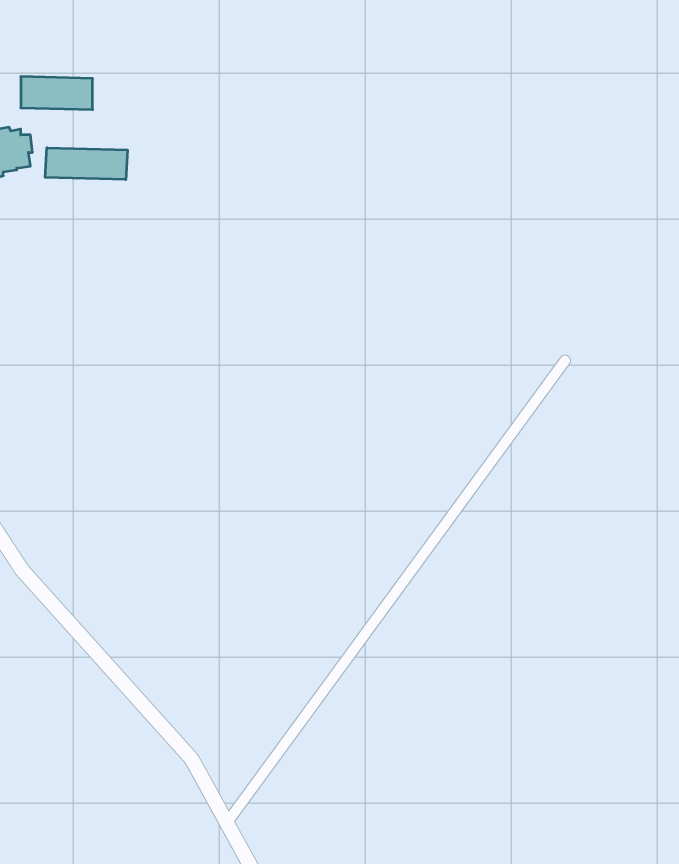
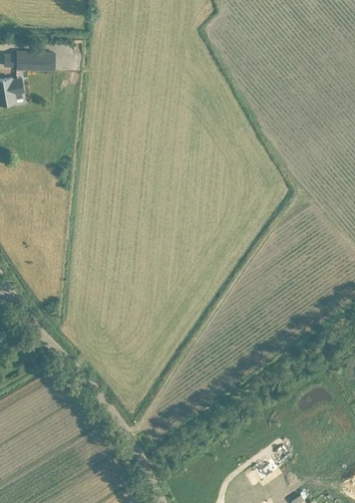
building: [45,148,127,180] -> none

